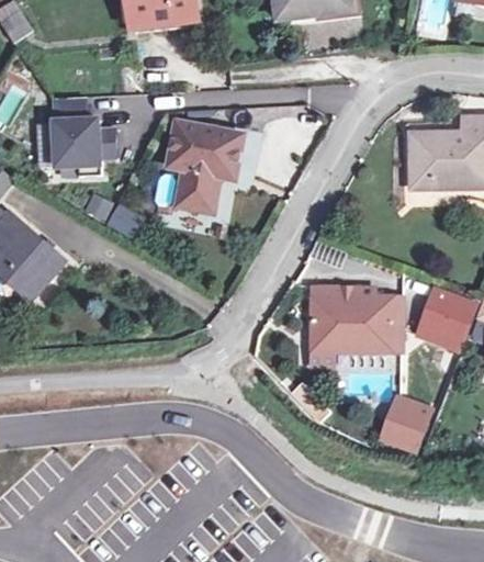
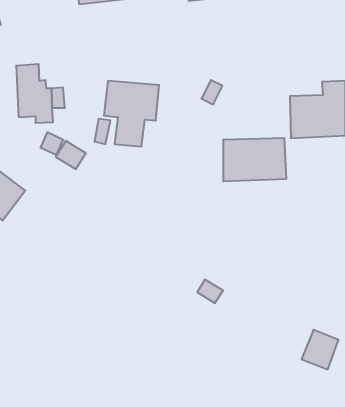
building: [423,291,474,347] -> none
building: [315,297,397,353] -> [223,138,286,181]
building: [389,396,437,448] -> [302,330,339,369]

